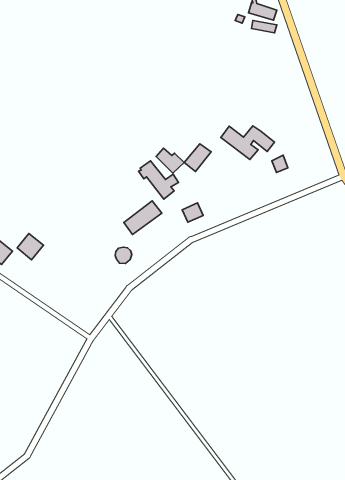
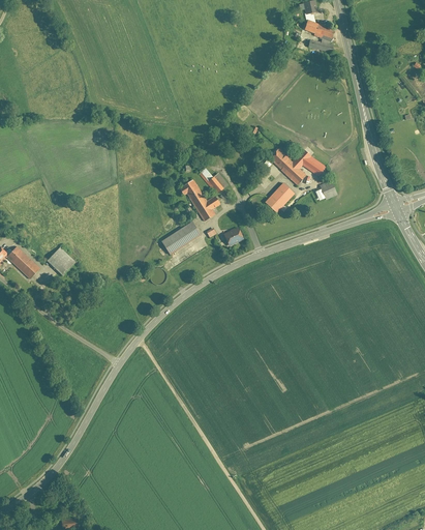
building: [184,144,211,172] -> [266,183,295,212]

